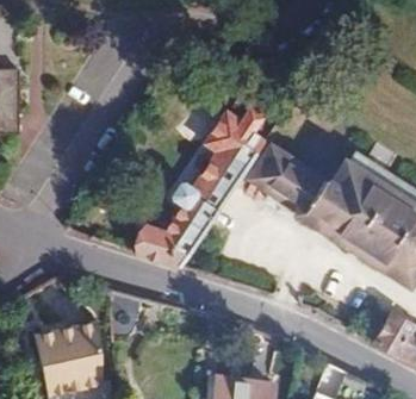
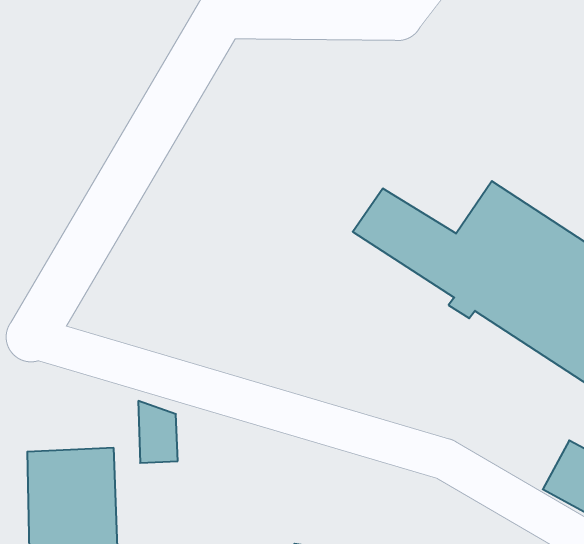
building: [135,111,272,269] -> none

